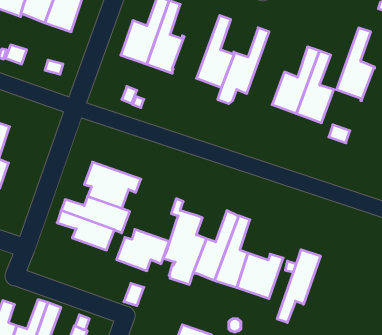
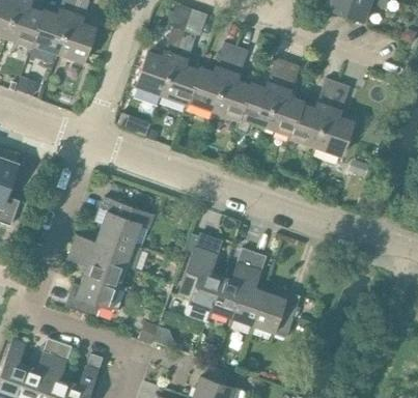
building: none -> [187,42,235,111]
building: [336,28,375,101] -> [263,63,303,138]
building: [117,229,169,271] -> [65,275,119,317]
building: [277,250,320,323] -> none

